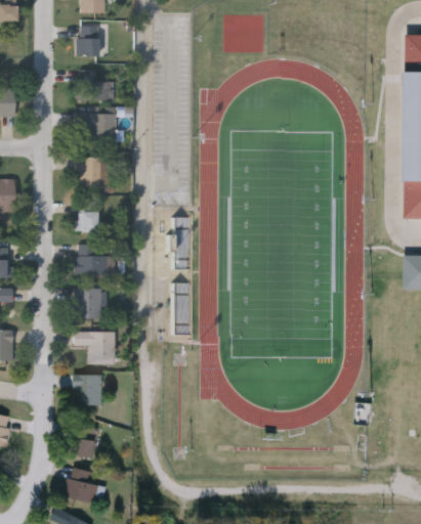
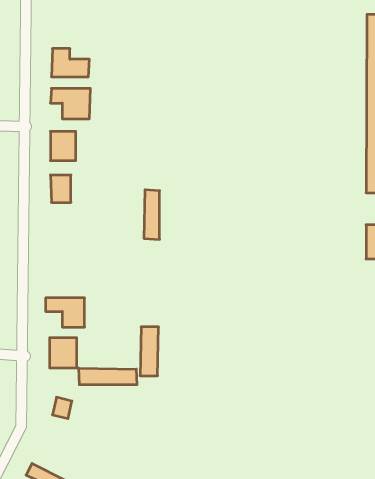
building: [76,26,98,55] -> none
building: [75,244,114,274] -> none
building: [173,285,193,336] -> [140,327,159,376]
building: [73,289,101,318] -> none
building: none -> [79,368,137,385]
building: [65,466,100,505] -> none

